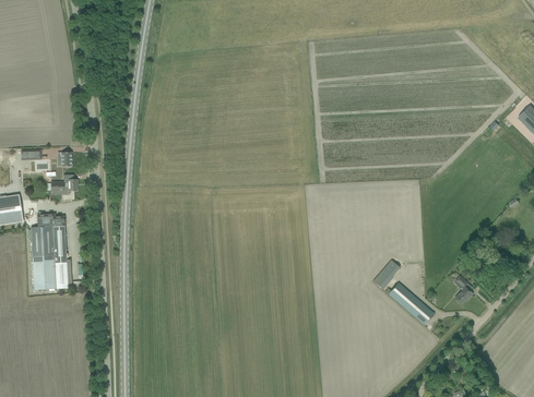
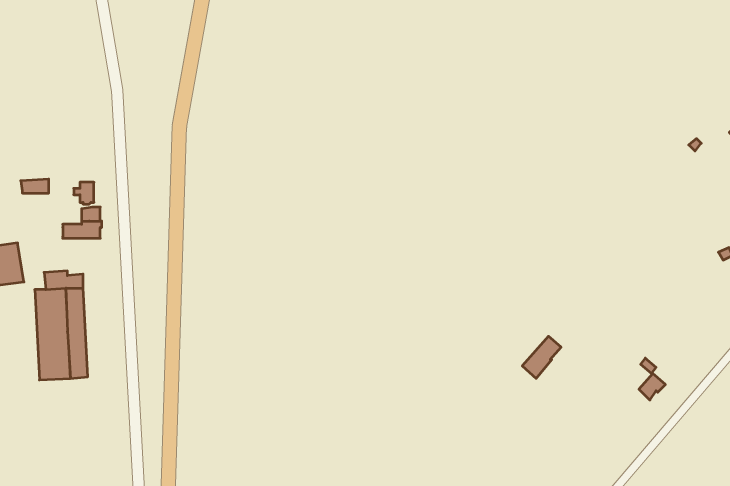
building: [388,282,435,325] -> none

